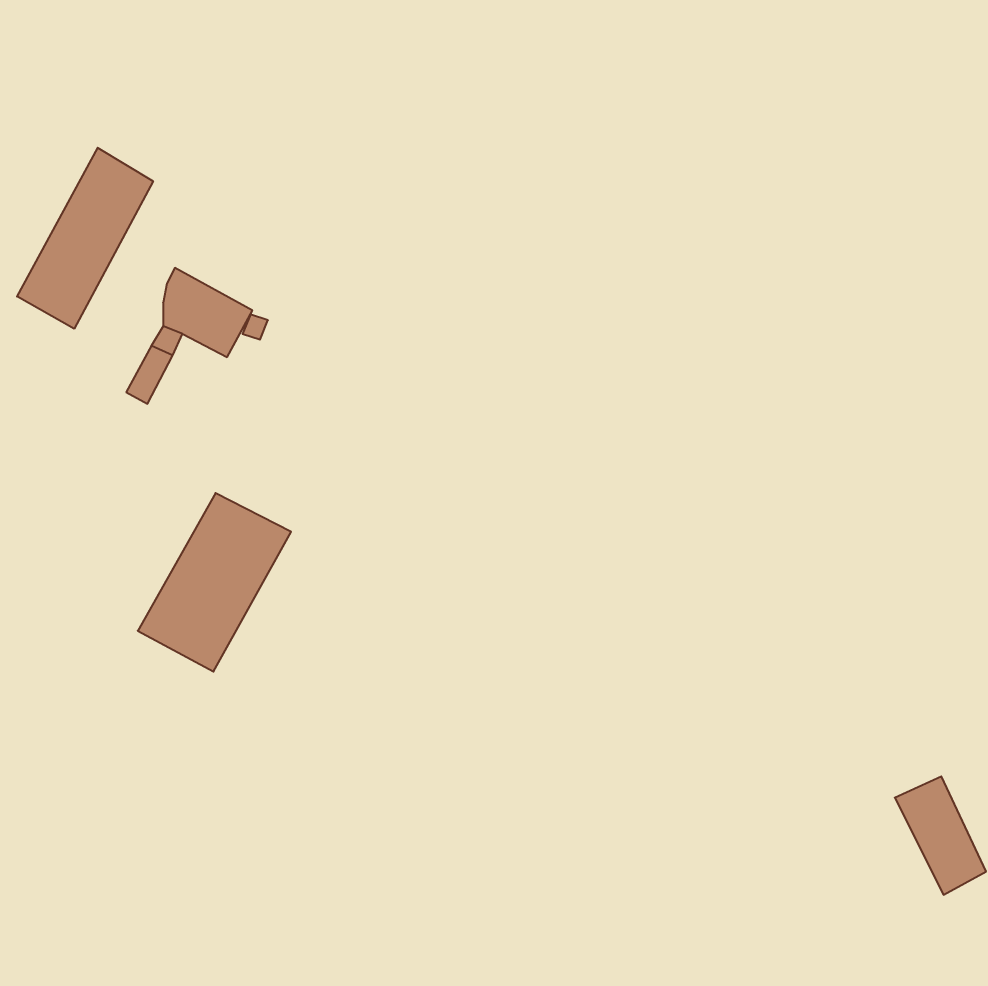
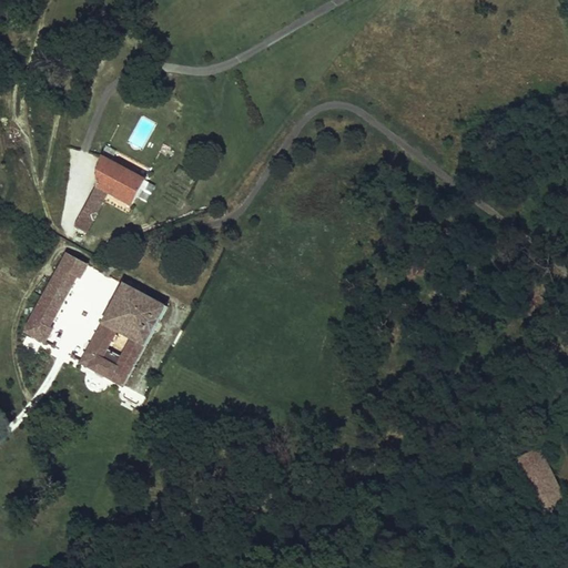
building: [17,148,153,329] -> none
building: none -> [24,252,85,341]

